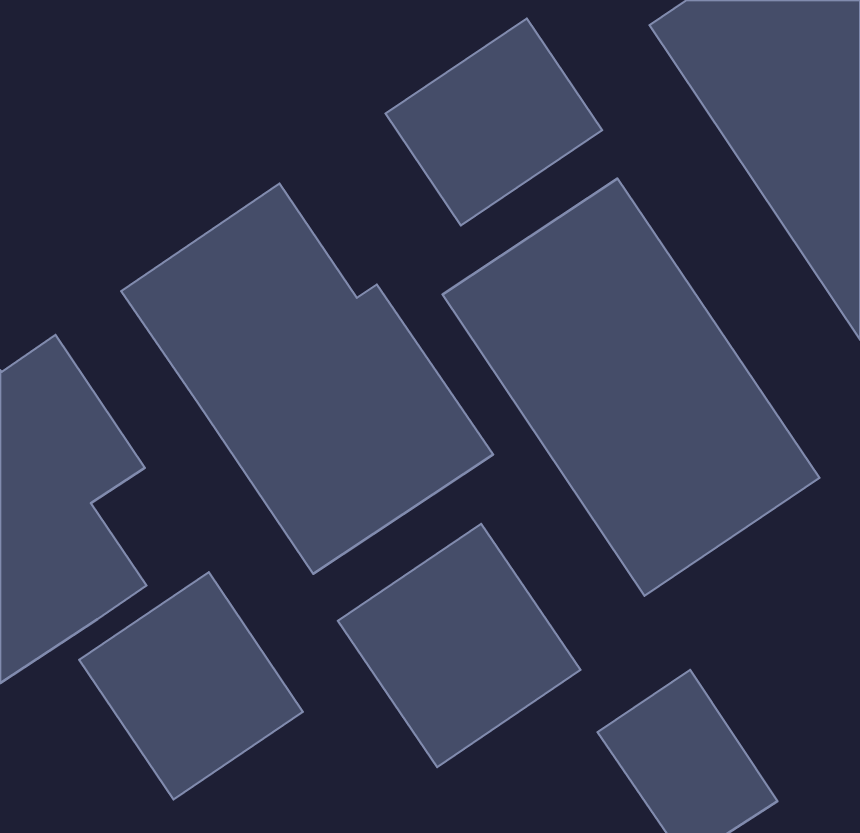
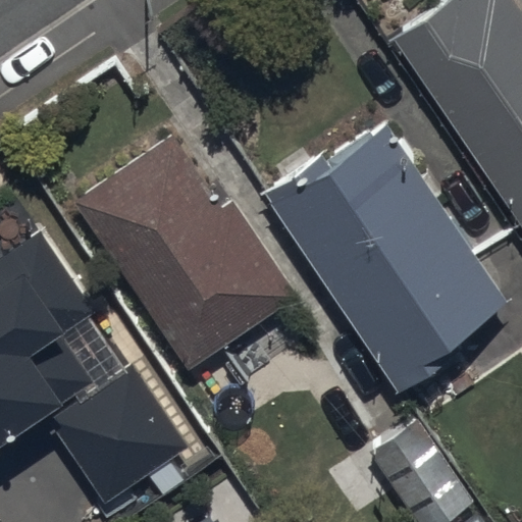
building: [385,18,602,225] -> none
building: [338,524,580,767] -> none

